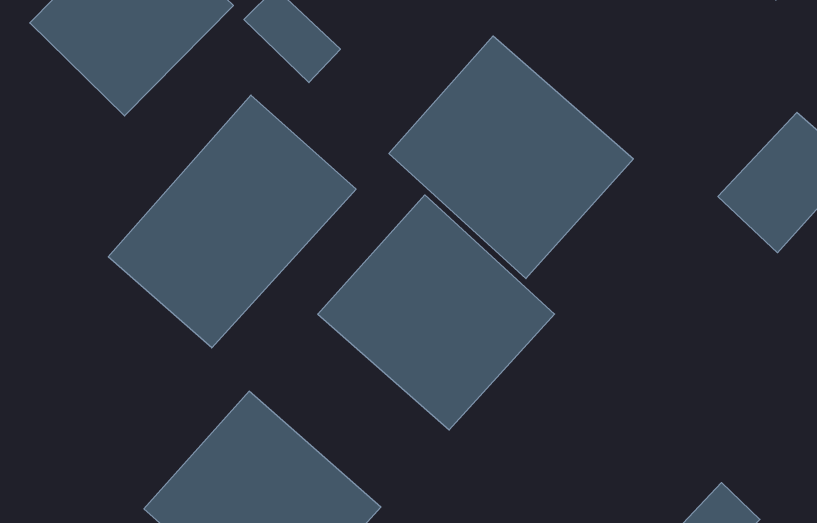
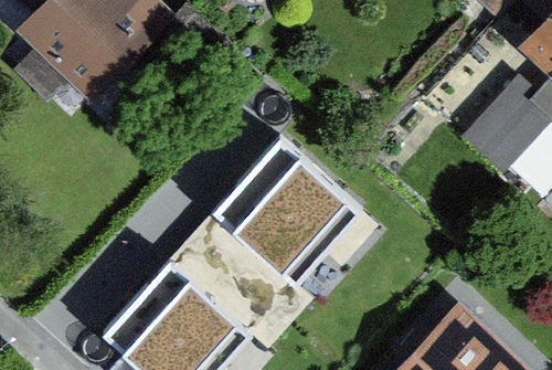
building: [389,36,633,279] -> none
building: [108,95,356,348] -> none

